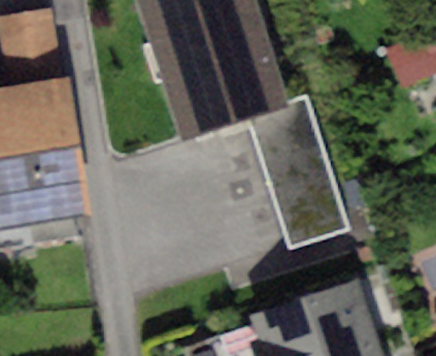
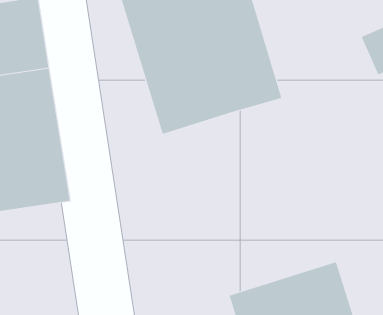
building: [254,109,348,246] -> none

